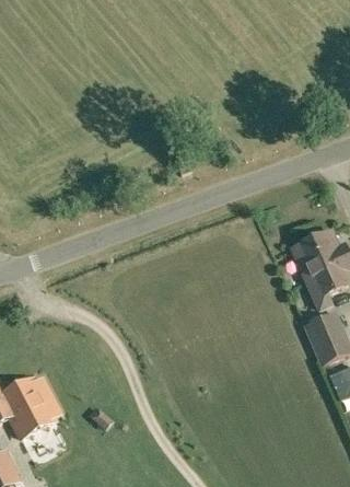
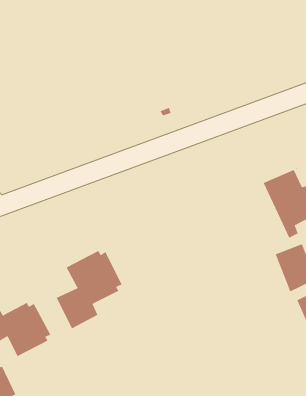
building: none -> [56,250,123,329]

